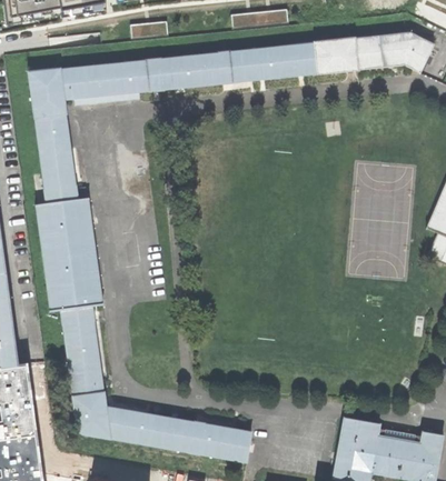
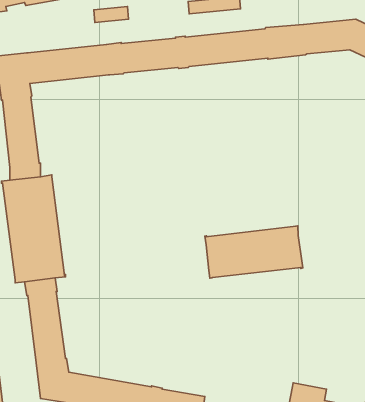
building: none -> [205,226,303,278]

